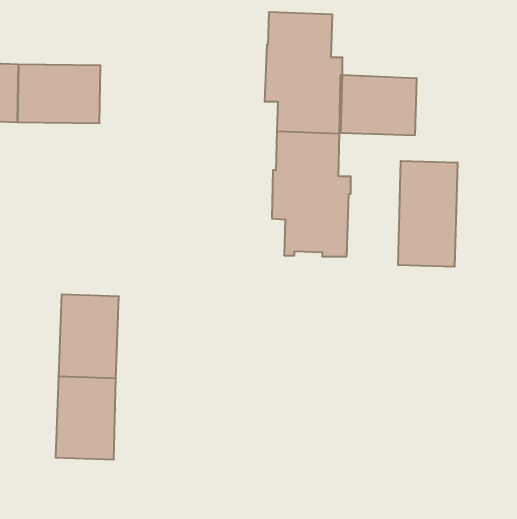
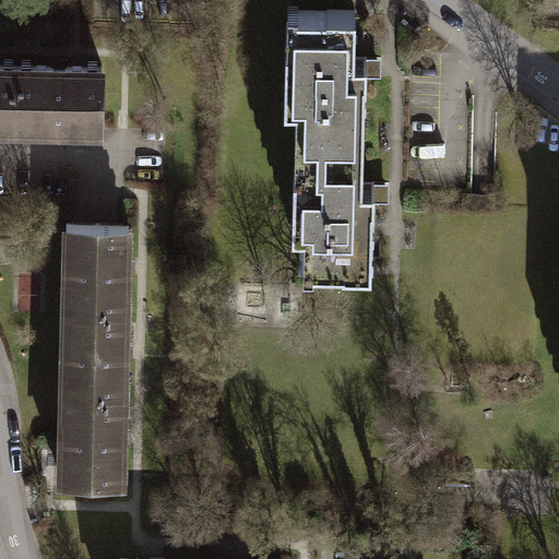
building: [341,75,417,135] -> none
building: [398,161,457,267] -> none
building: none -> [66,233,129,321]

